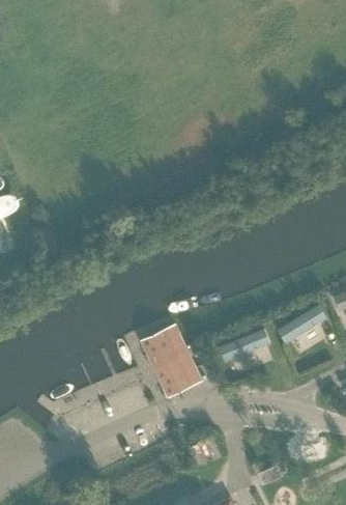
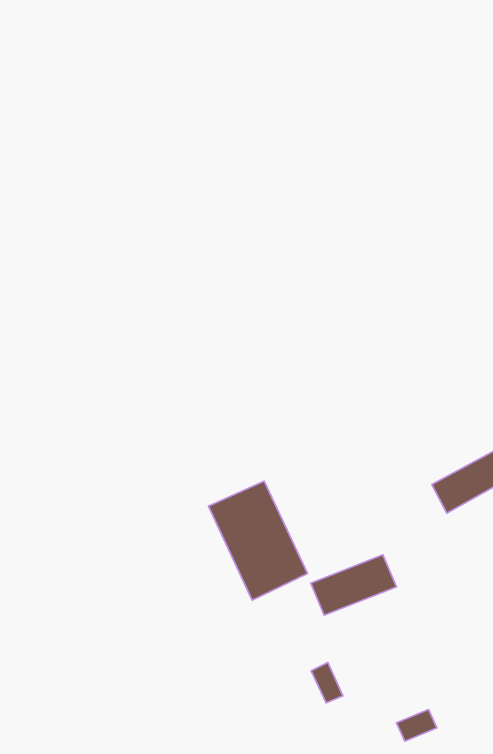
building: [219,326,271,363] -> [311,555,396,615]

